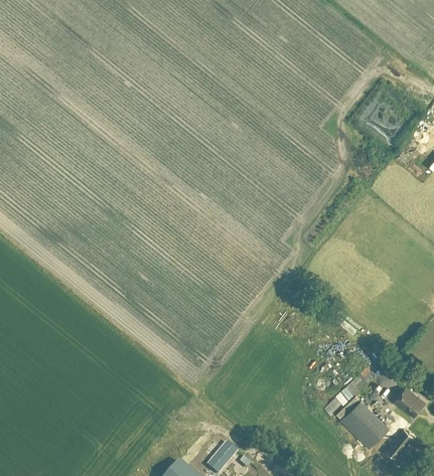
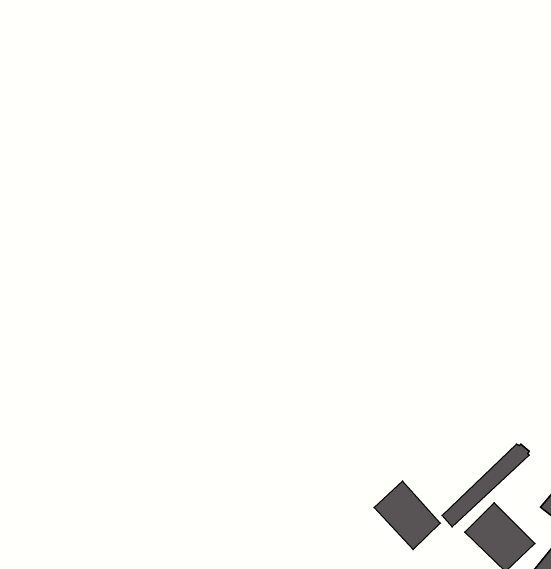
building: none -> [374,481,440,550]

